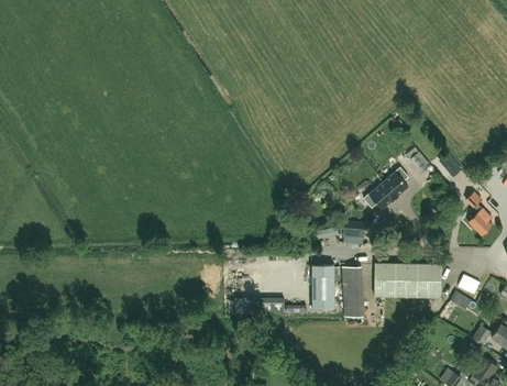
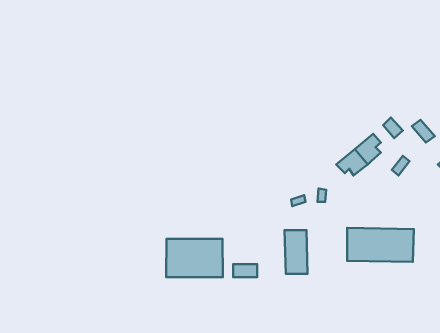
building: [342,266,363,317] -> none
building: none -> [166,239,223,277]

